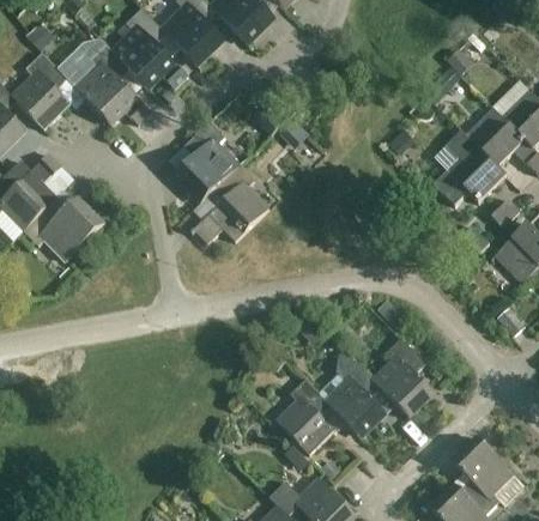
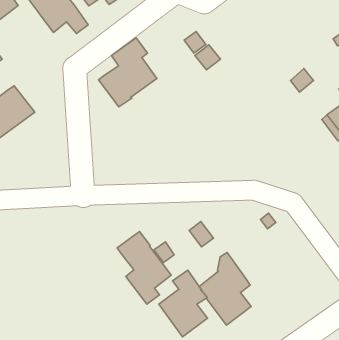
building: [193,164,268,242] -> none
building: [371,337,429,412] -> none
building: none -> [117,232,171,304]

